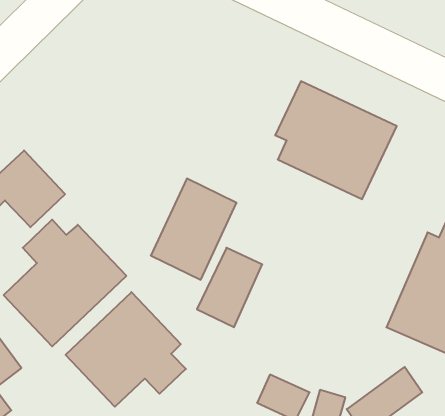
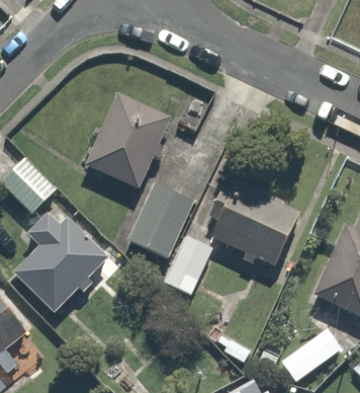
building: none -> [85,93,172,190]
building: [275,81,397,199] -> [205,176,301,269]
building: [66,292,186,407] -> none

